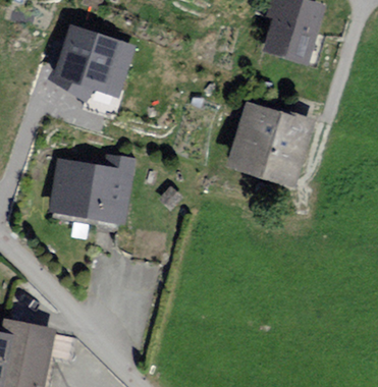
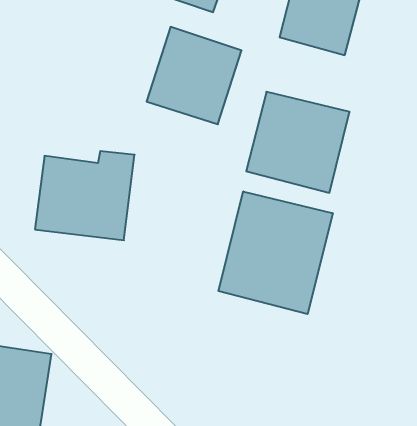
building: [59,35,141,118] -> [147,27,242,124]
building: none -> [219,191,333,314]

